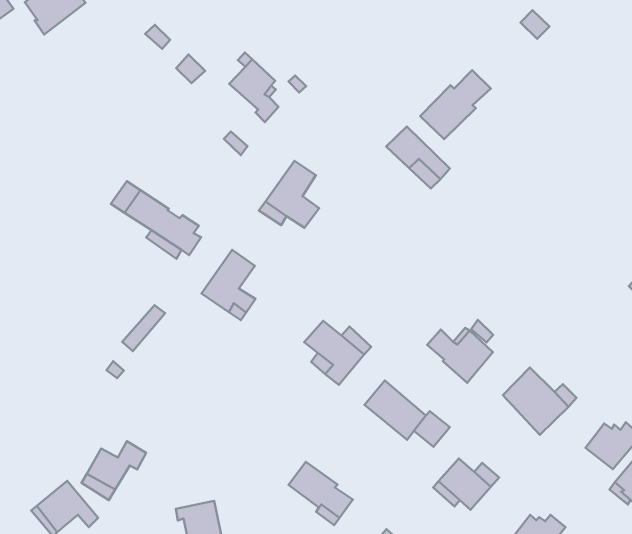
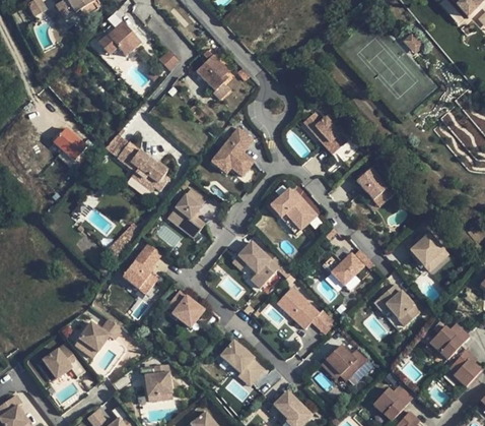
building: none -> [99,20,141,55]
building: [420,70,491,139] -> none
building: none -> [53,129,84,160]
building: none -> [356,167,394,210]
building: none -> [271,188,317,229]
building: none -> [407,229,446,268]
building: none -> [123,242,161,293]
building: none -> [164,290,204,327]

